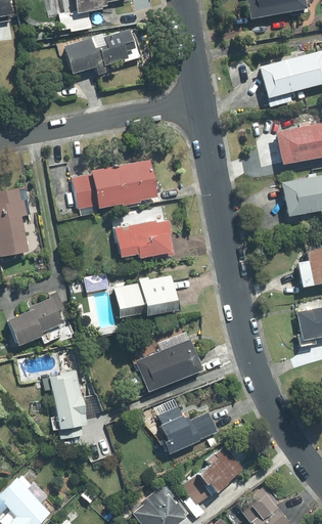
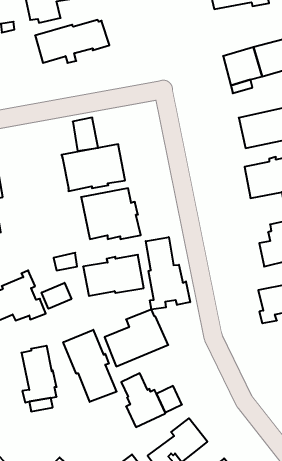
building: [72,174,98,209] -> [73,118,98,151]
building: none -> [146,237,190,310]
building: none -> [42,283,71,309]
building: none -> [63,330,117,402]

